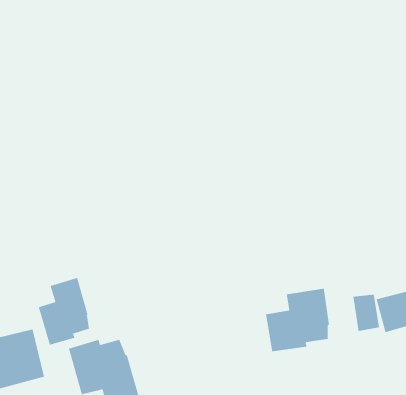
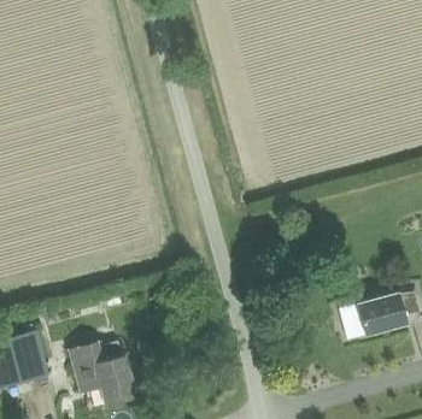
building: [38,277,90,346] -> none
building: [266,288,330,352] -> none

